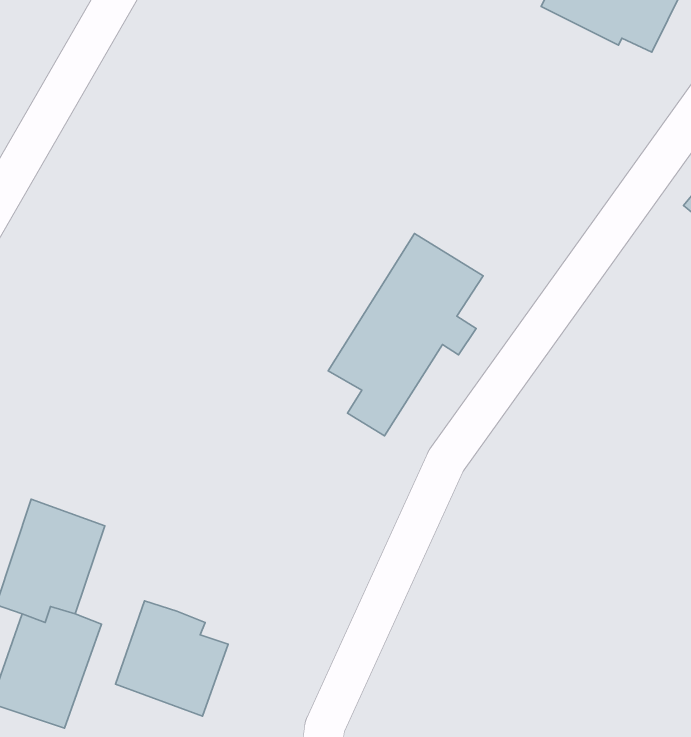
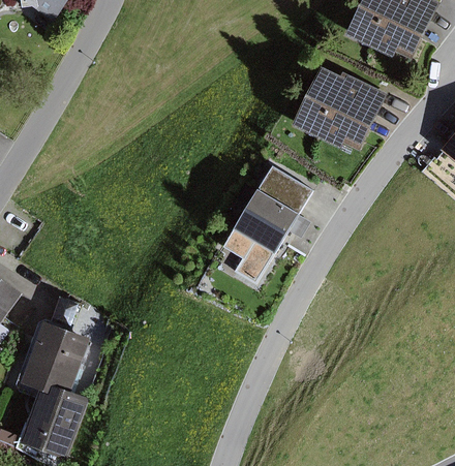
building: none -> [295,67,389,151]
building: [116,601,228,716] -> none

